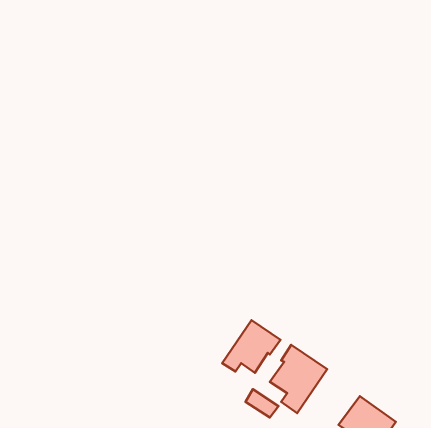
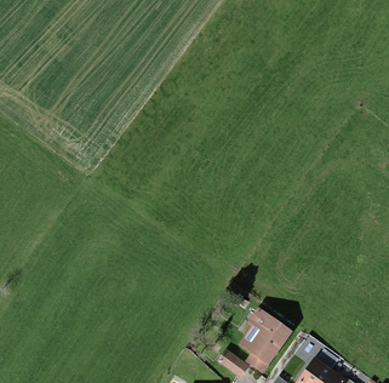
building: [222,320,280,373] -> none

